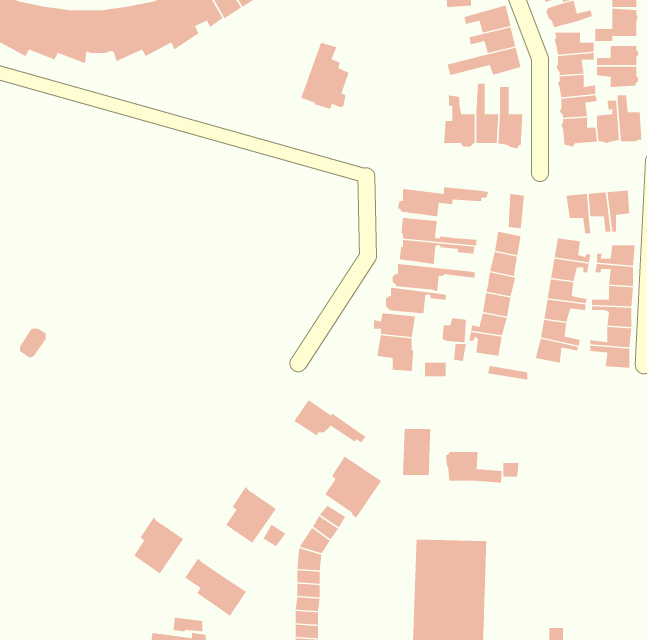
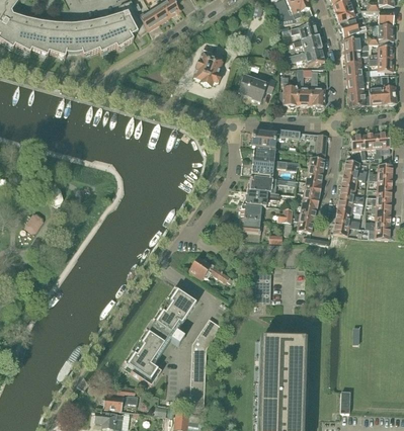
building: none -> [237,75,275,101]
building: [445,451,503,483] -> none
building: [324,455,382,518] -> [162,286,196,324]
building: [133,517,184,574] -> [134,329,164,363]

